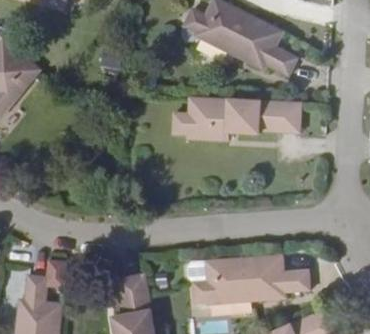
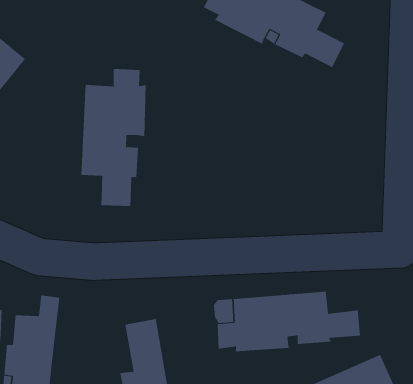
building: none -> [81,68,146,207]
building: [173,97,302,140] -> none

